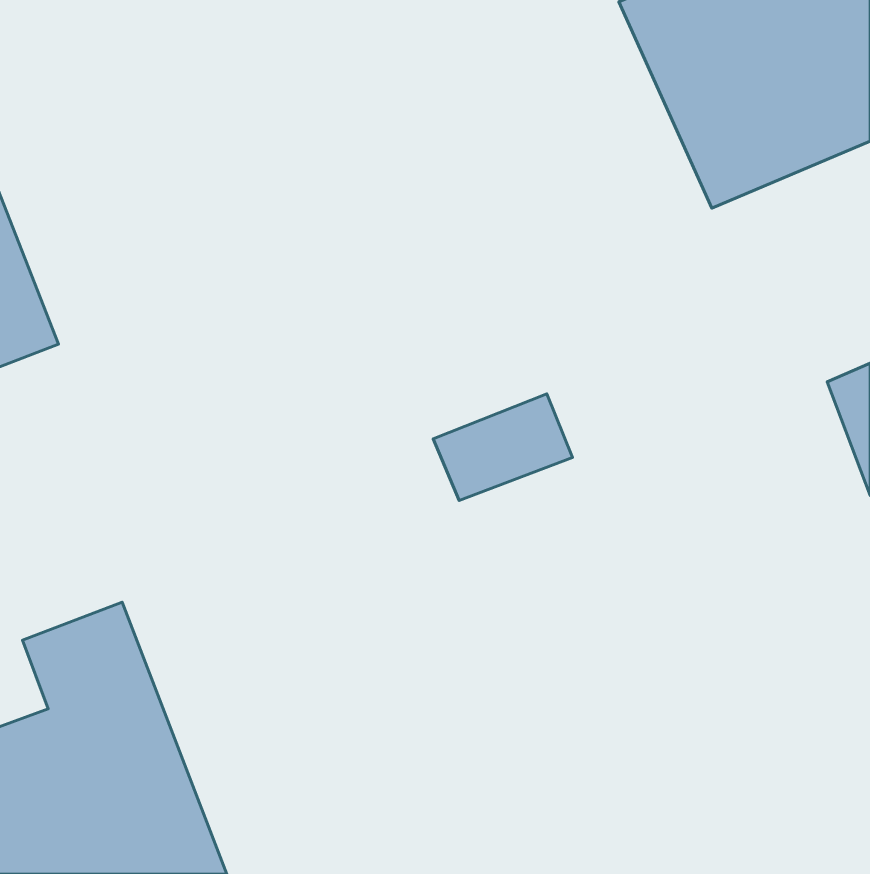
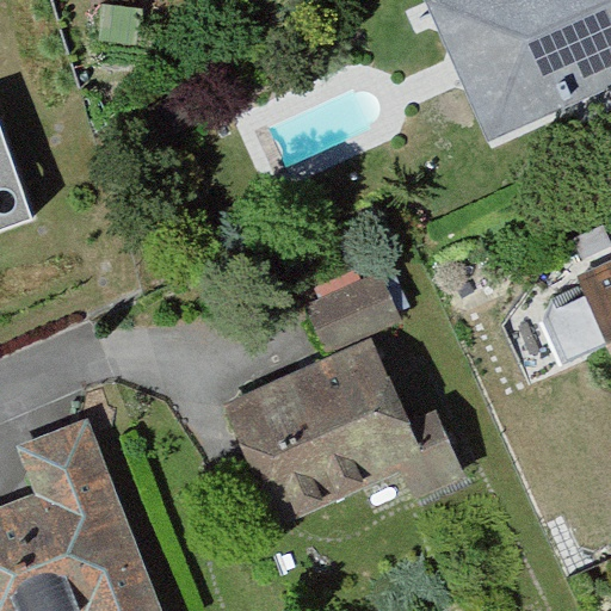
building: none -> [228,333,465,529]

